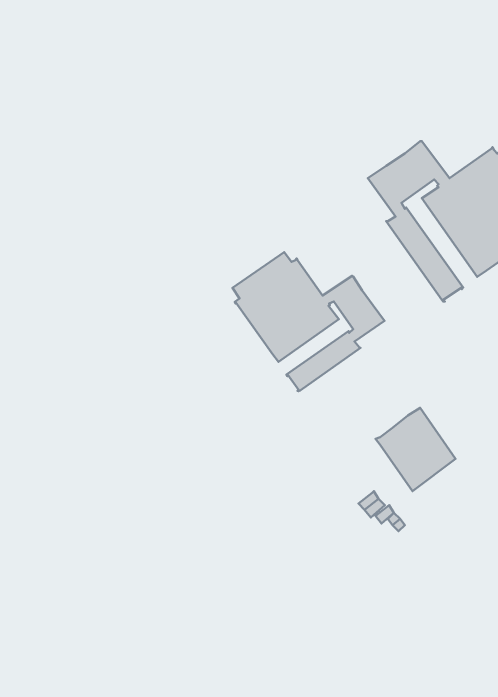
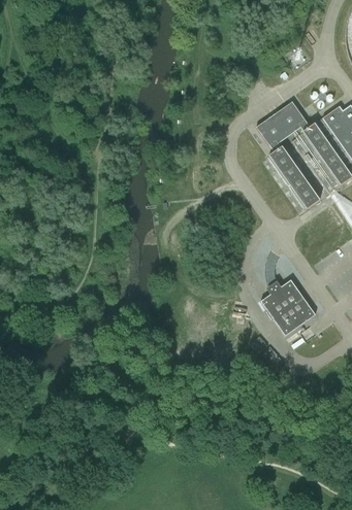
building: [232,252,385,391] -> none

